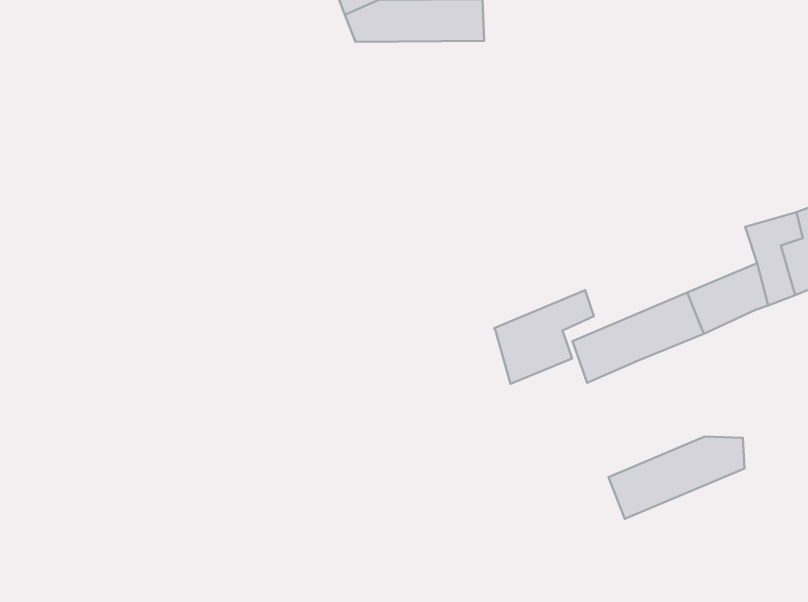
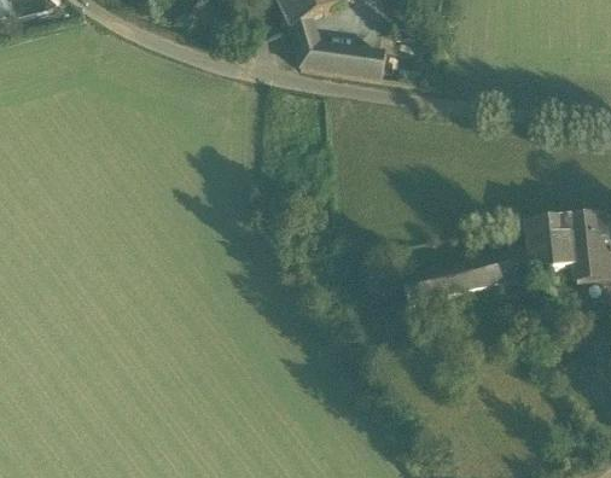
building: [494,290,594,384] -> none
building: [608,436,744,519] -> none

